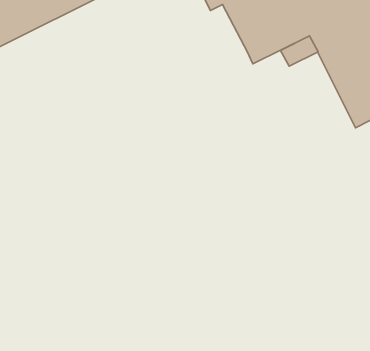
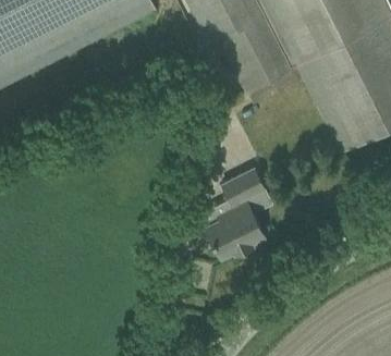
building: none -> [204,167,272,257]

